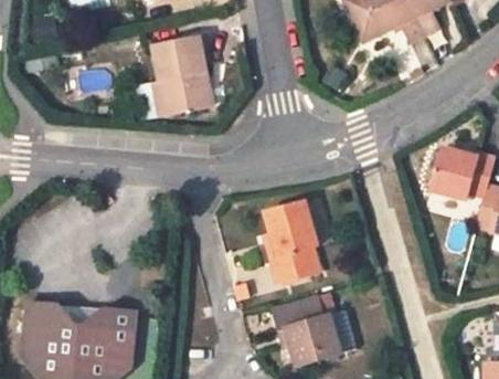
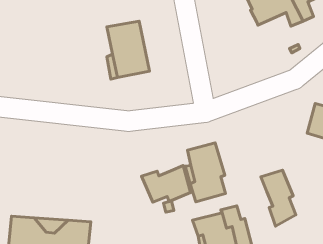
building: none -> [142,165,191,202]
building: none -> [261,170,296,226]

